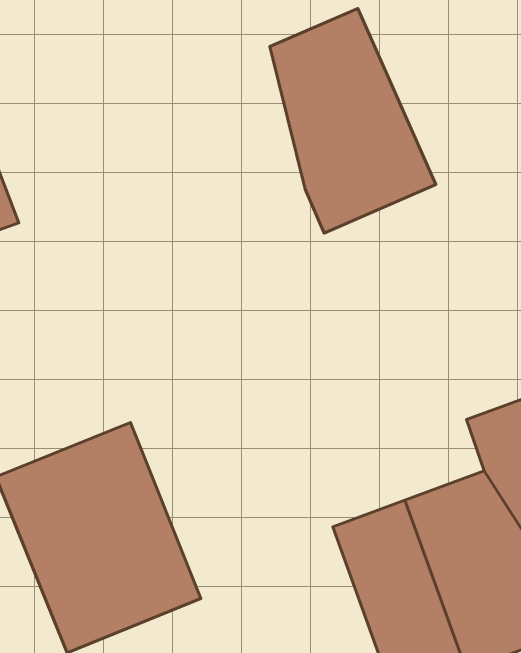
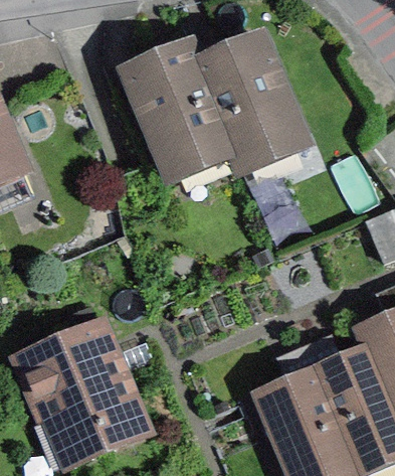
building: none -> [112,33,229,185]

